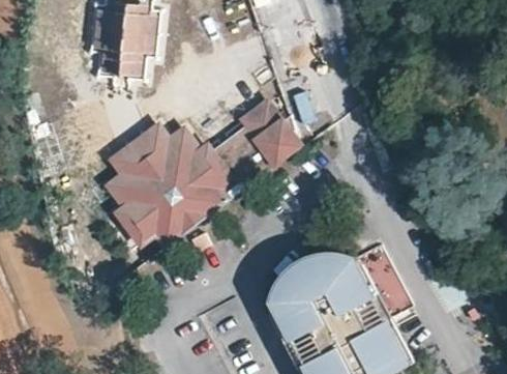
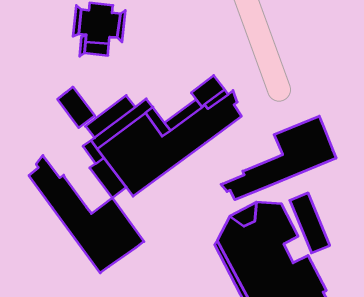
building: none -> [58,87,95,128]
building: none -> [221,116,336,200]
building: none -> [29,155,144,273]

